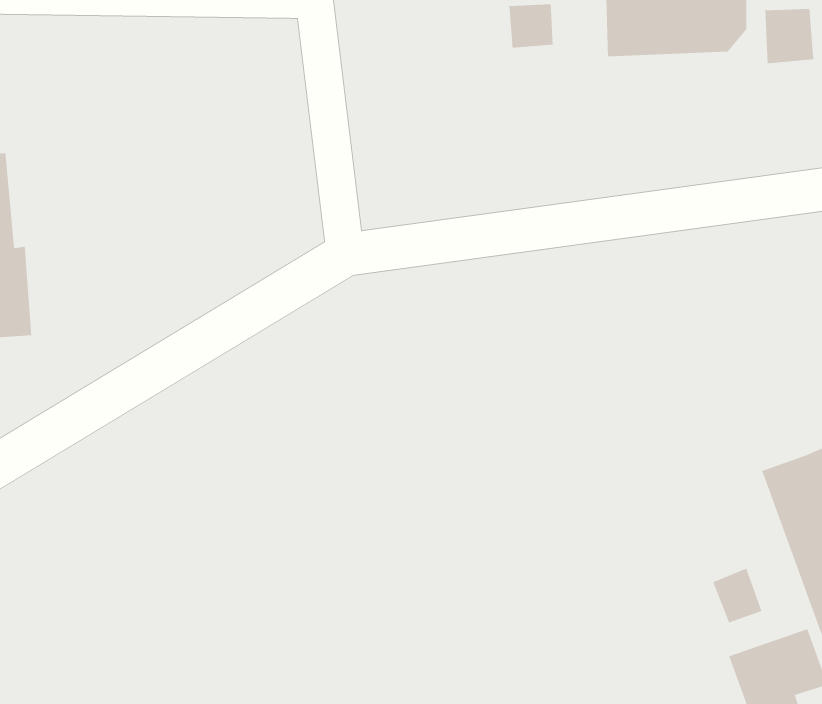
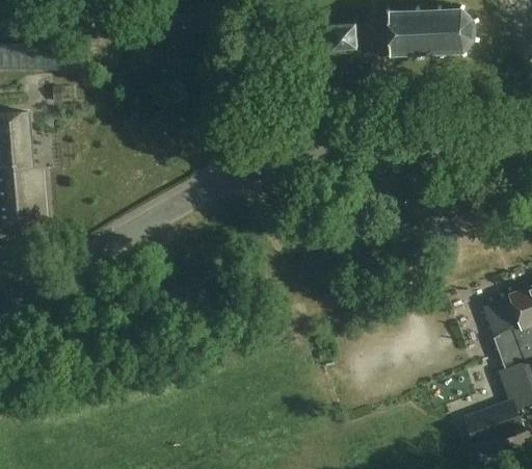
building: [764,8,814,64] -> none
building: [712,567,763,624] -> none

